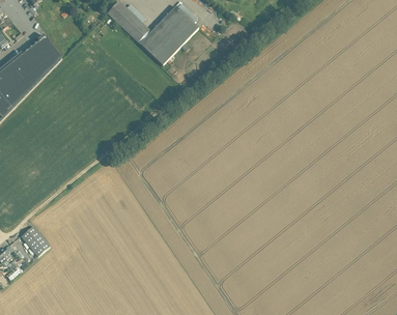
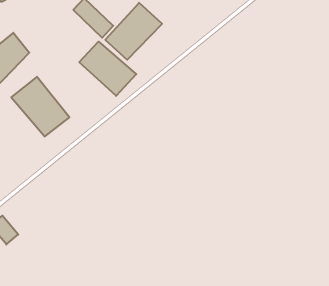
building: none -> [79,42,136,96]
building: none -> [11,77,69,137]

